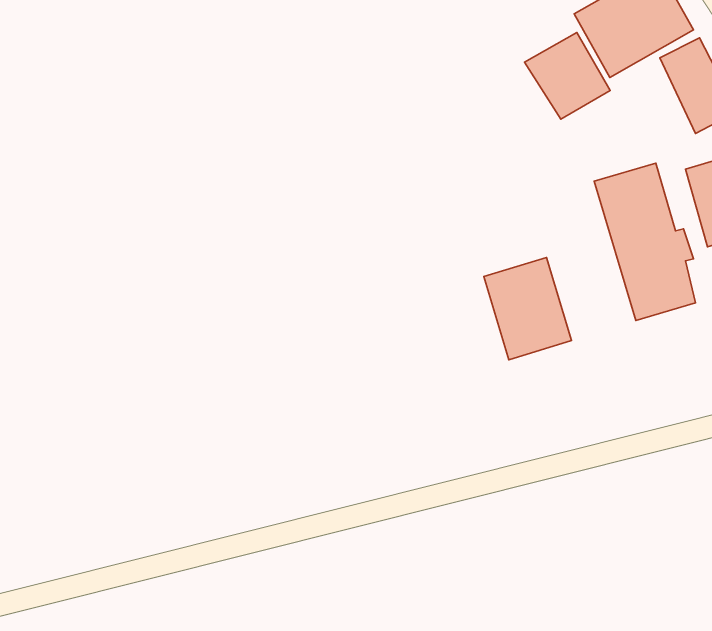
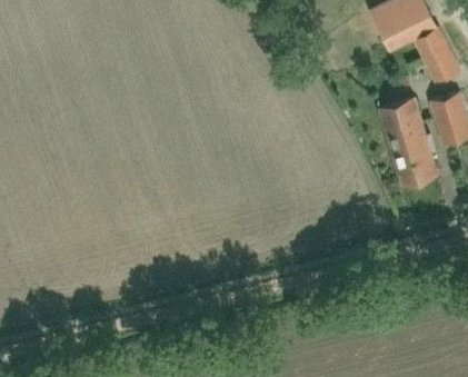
building: [524,33,610,119] -> none
building: [484,257,572,360] -> none

